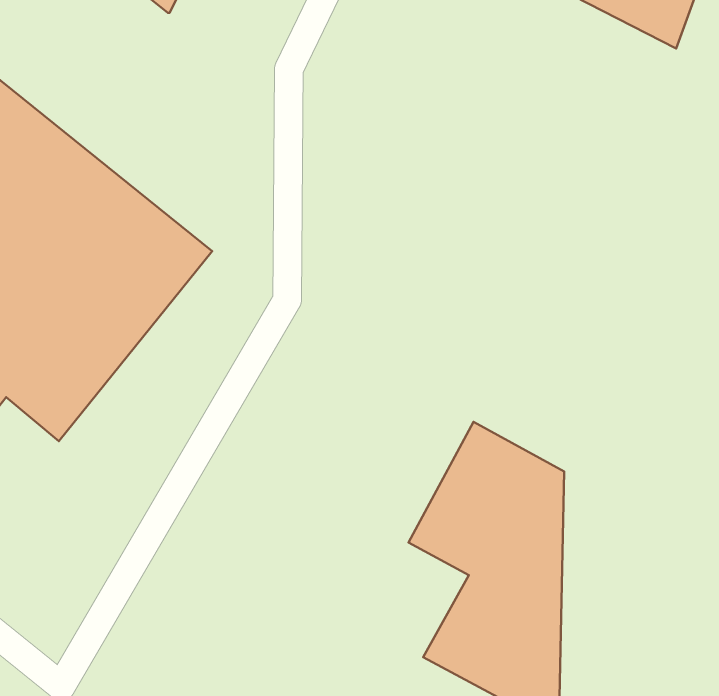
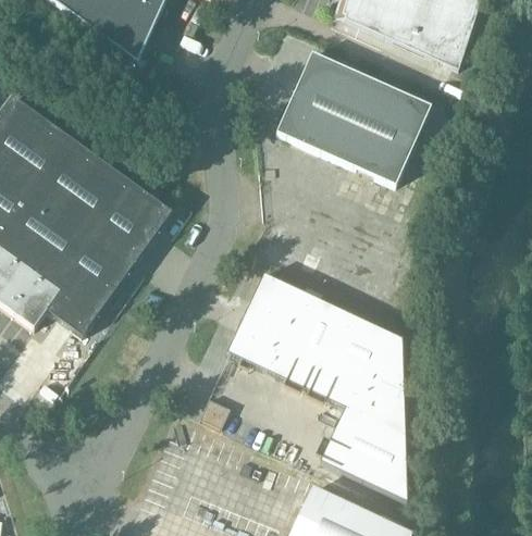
building: none -> [276,51,431,184]
building: none -> [226,272,343,387]

